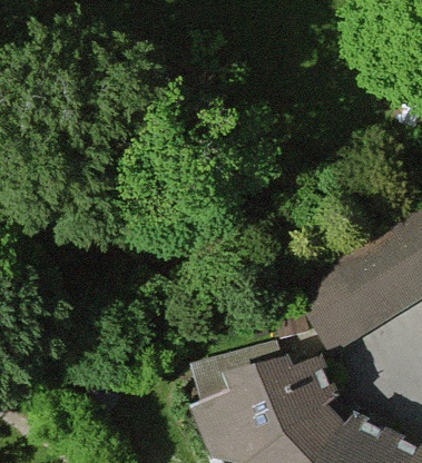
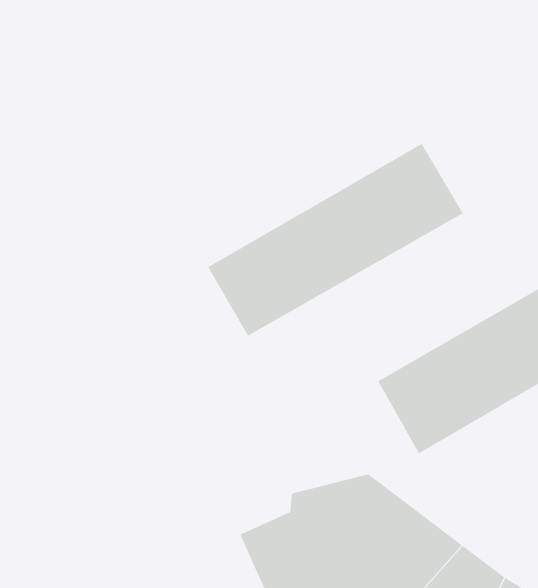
building: none -> [207,143,463,336]

